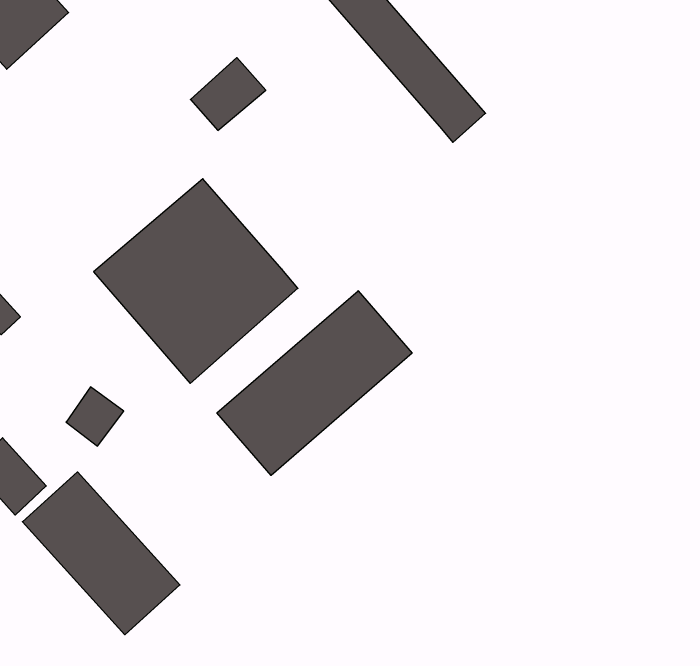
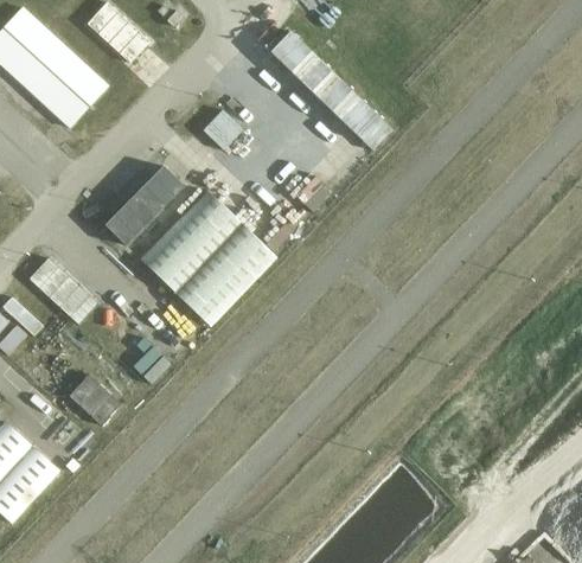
building: none -> [104,165,184,244]
building: [217,291,412,475] -> none
building: [22,472,180,635] -> none

